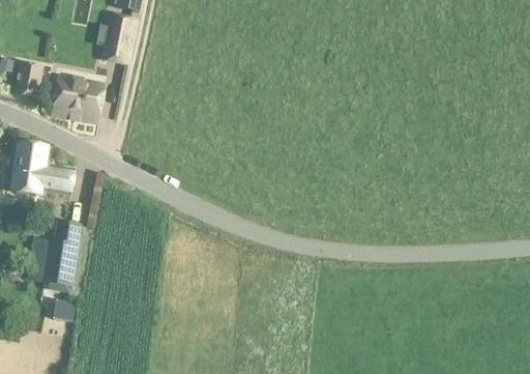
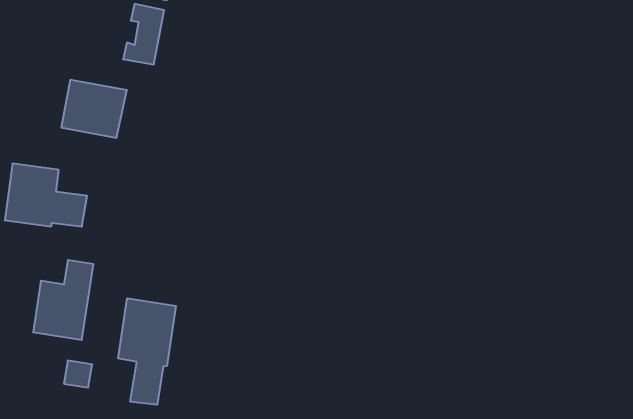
building: [12,59,42,96] -> none
building: none -> [118,298,176,405]

